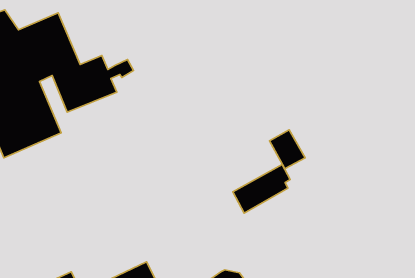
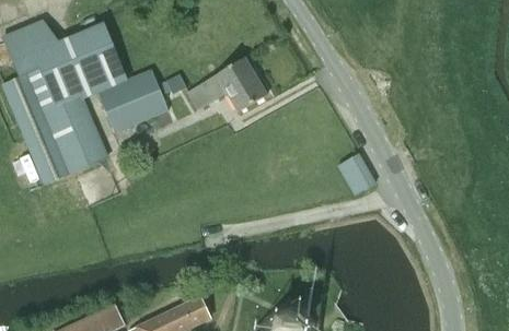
building: none -> [188,58,267,111]
building: [233,165,290,213] -> none

